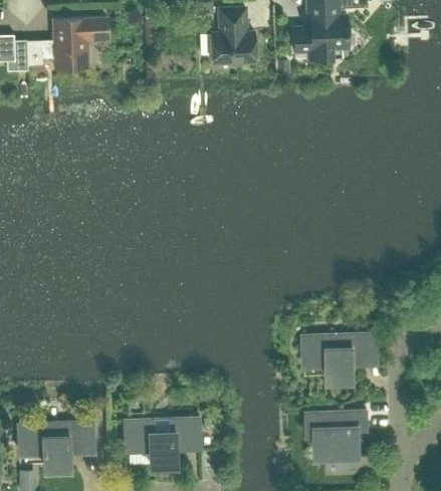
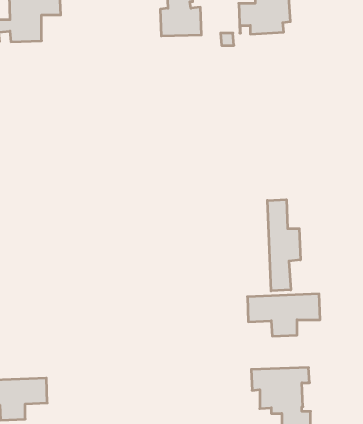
building: none -> [267,200,300,291]
building: [125,418,200,462] -> none

